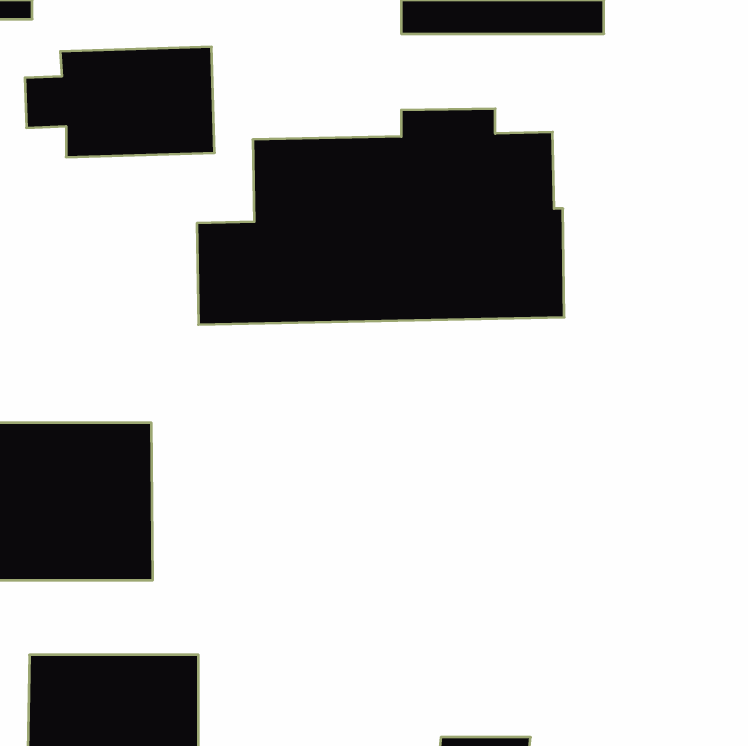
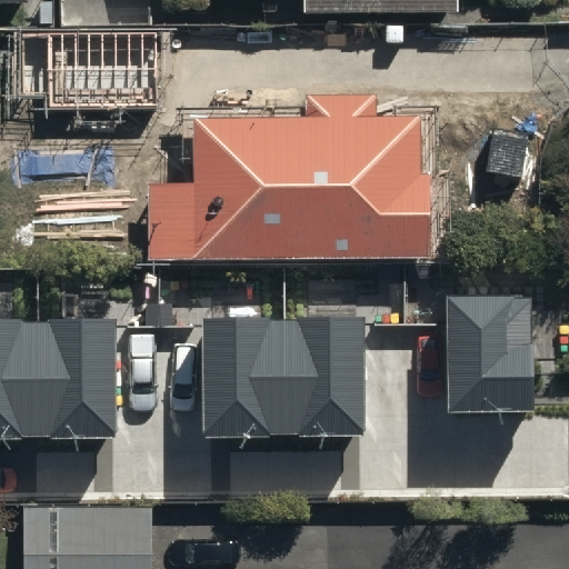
building: none -> [446,299,533,418]
building: none -> [201,320,363,441]

